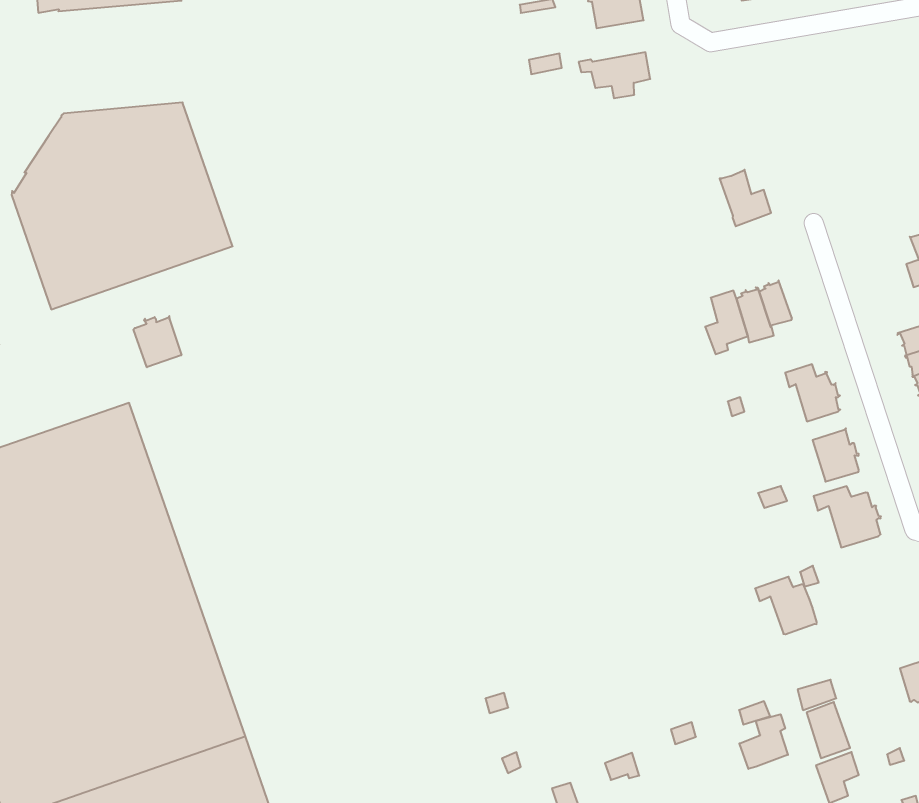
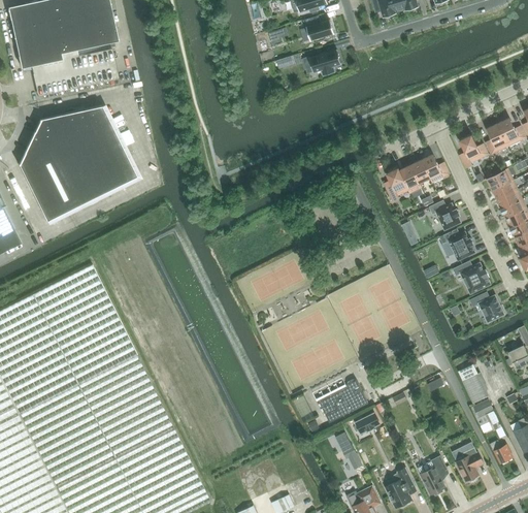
building: [720,170,771,226] -> [421,153,450,183]
building: none -> [459,134,489,168]
building: [133,316,181,367] -> none
building: [755,577,817,634] -> [470,292,504,322]
building: none -> [319,379,368,422]
building: [739,714,788,769] -> none

